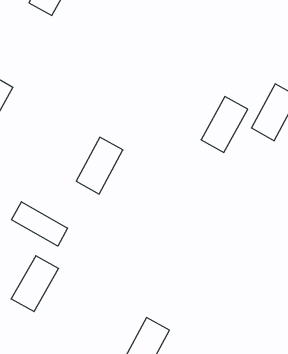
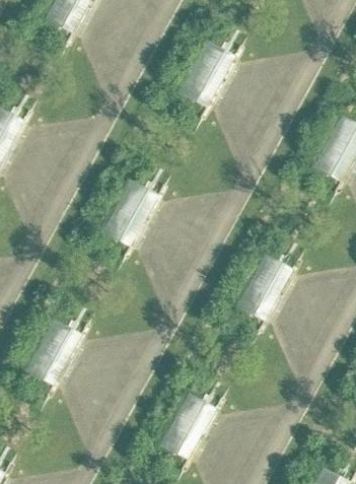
building: [201,97,248,152] -> [175,40,231,107]
building: none -> [233,253,289,320]
building: [12,202,68,246] -> none

